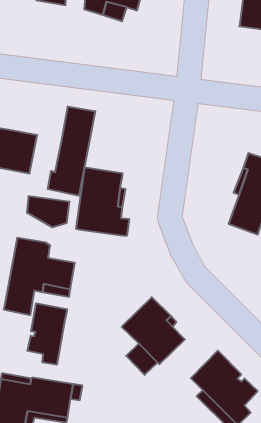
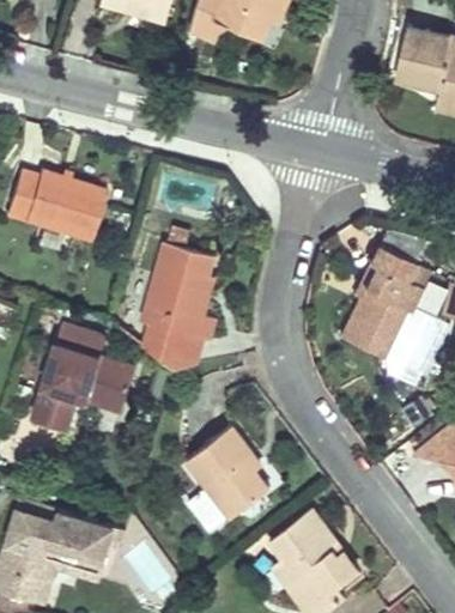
building: [48,106,95,196] -> none
building: [27,196,70,227] -> [144,323,202,369]
building: [28,303,67,365] -> none

